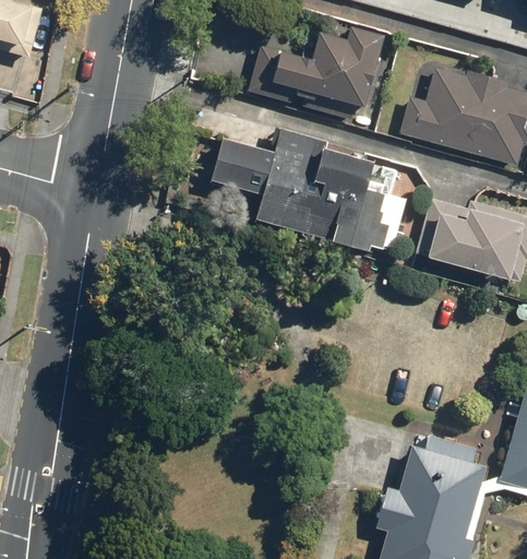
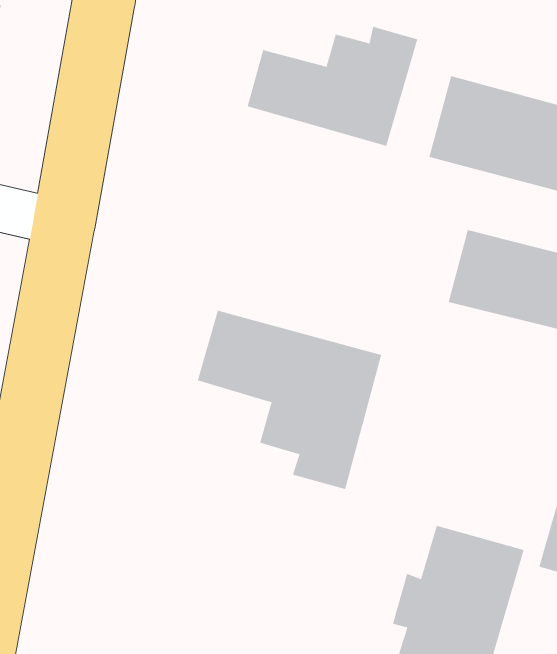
building: [211,134,408,252] -> none
building: none -> [197,310,382,490]

